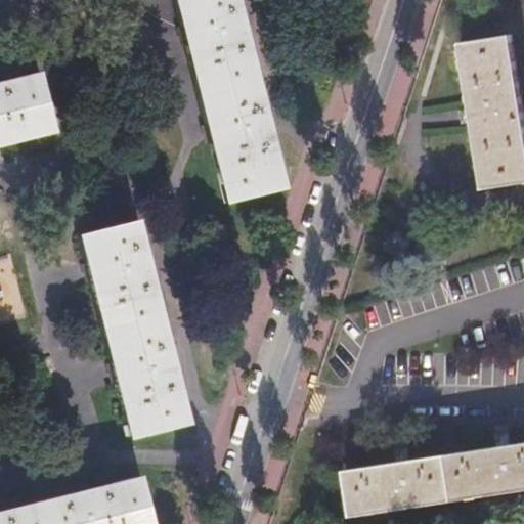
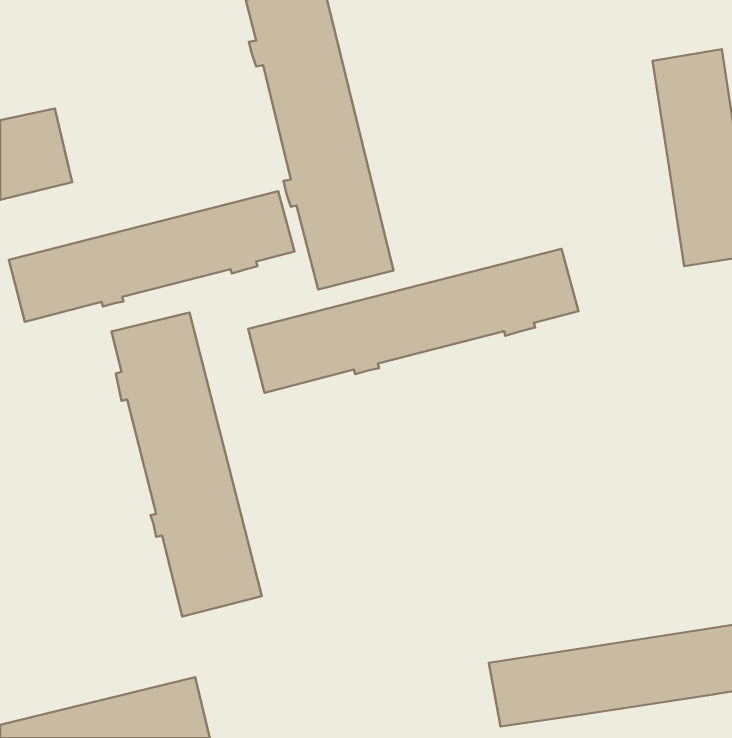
building: none -> [9,191,295,322]
building: none -> [248,249,578,393]

